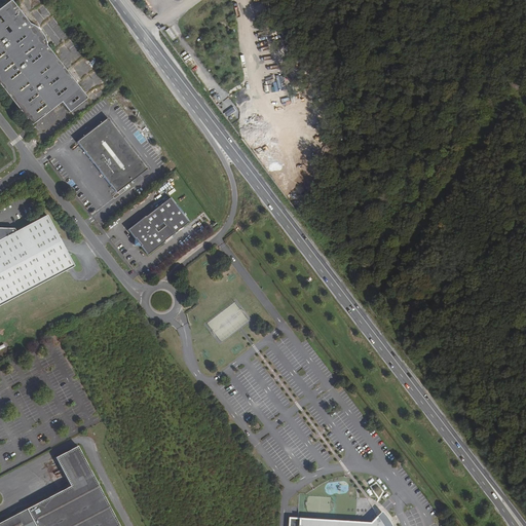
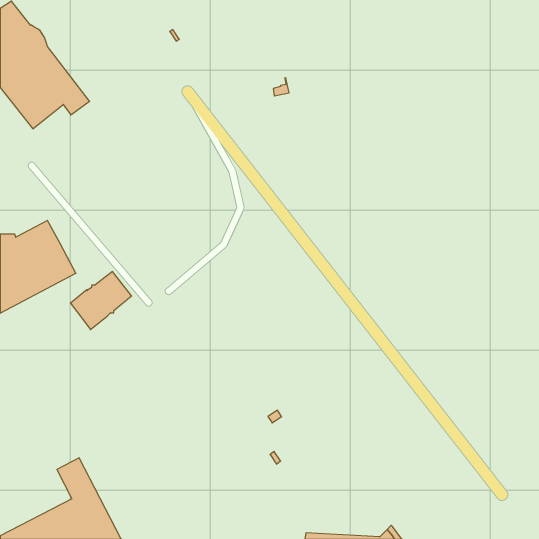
building: [76,118,147,193] -> none
building: [128,198,188,255] -> [70,272,132,330]

